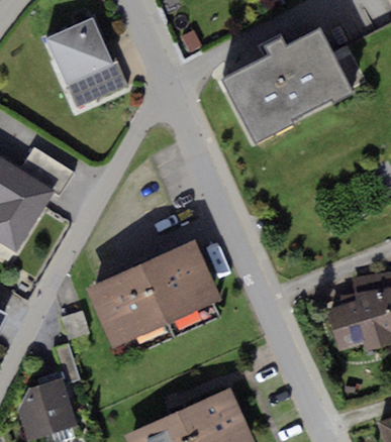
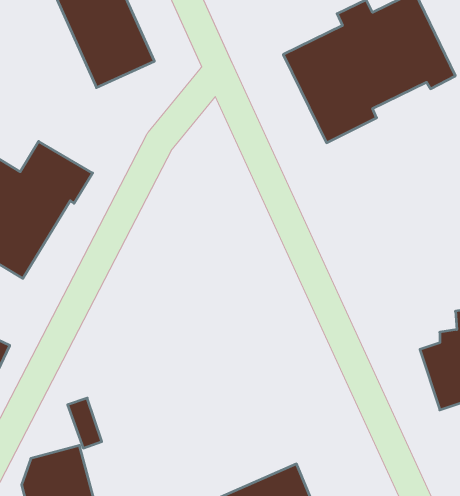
building: [88,243,220,347] -> none

